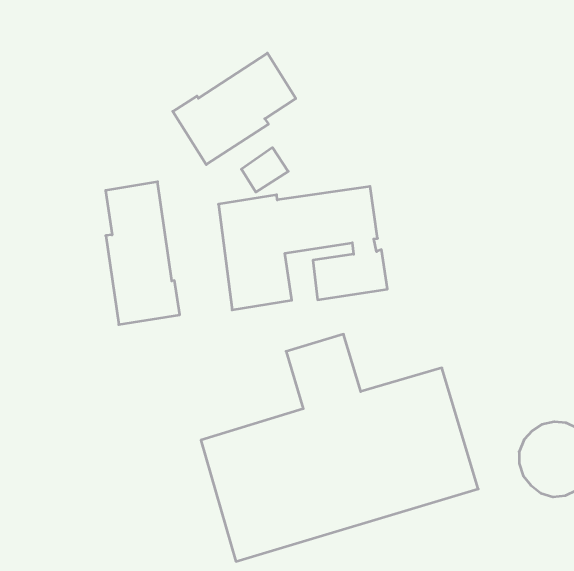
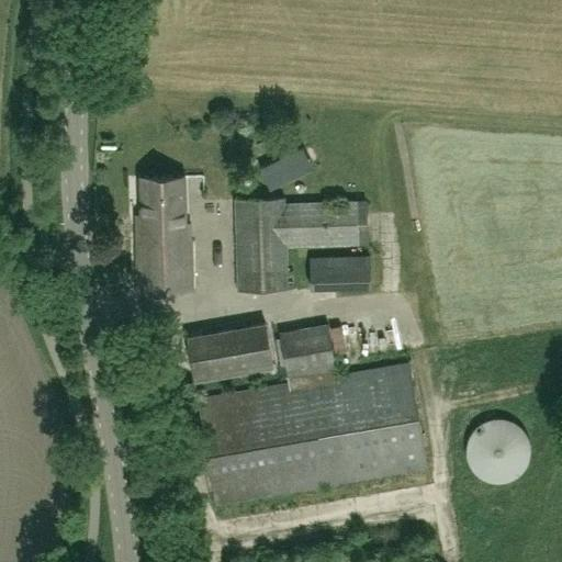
building: [173,53,296,165] -> none
building: none -> [188,326,273,382]

